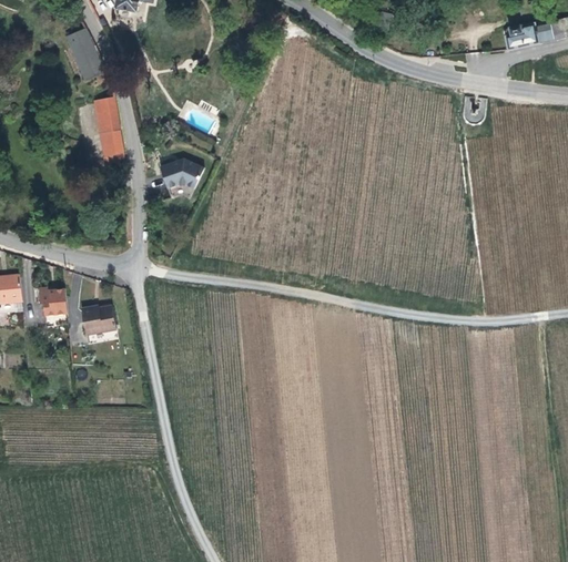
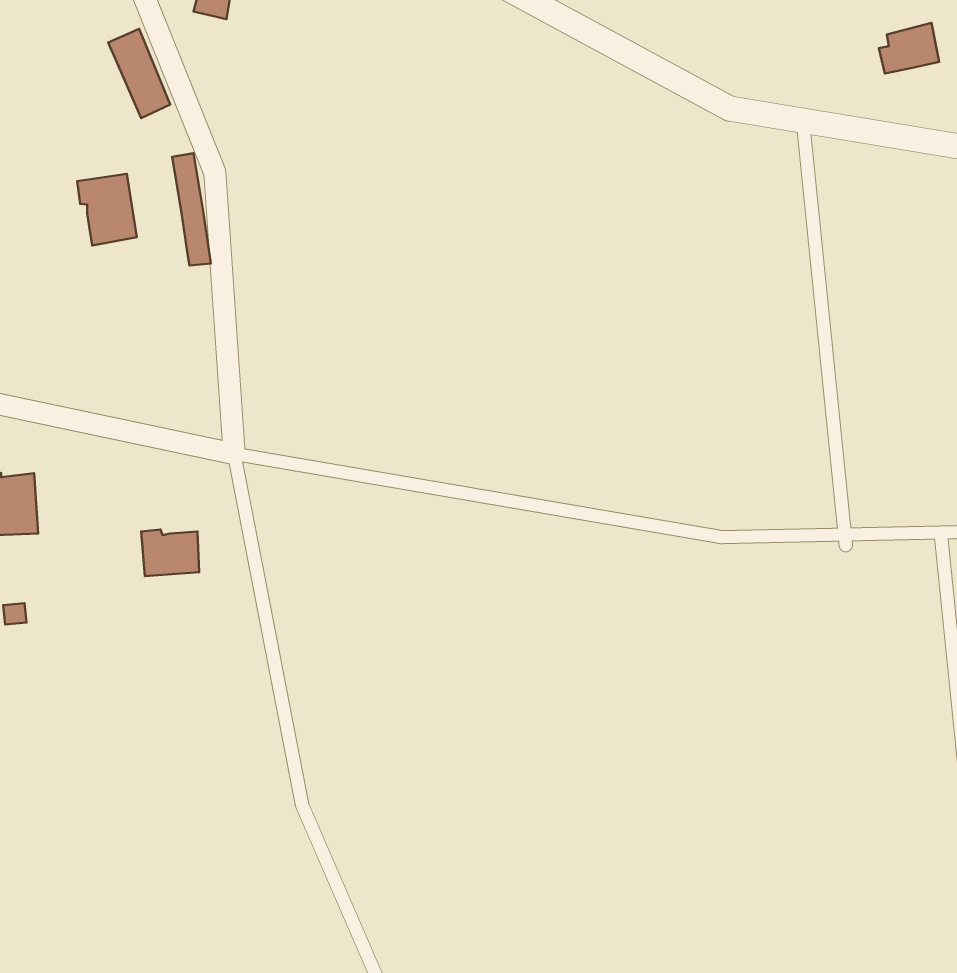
building: none -> [77,174,137,245]
building: [161,156,204,187] -> none
building: [37,286,67,315] -> none

